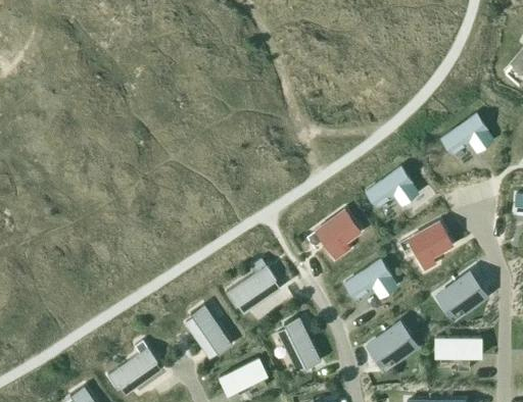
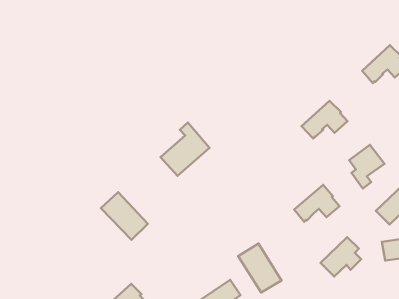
building: [319,212,359,261] -> none
building: [229,256,285,314] -> [160,122,210,176]
building: [185,302,235,357] -> [101,192,148,240]

